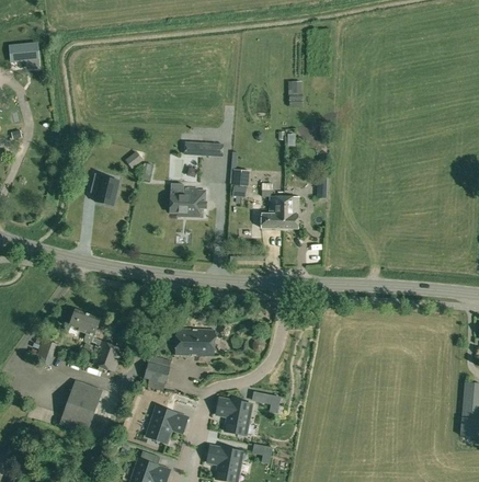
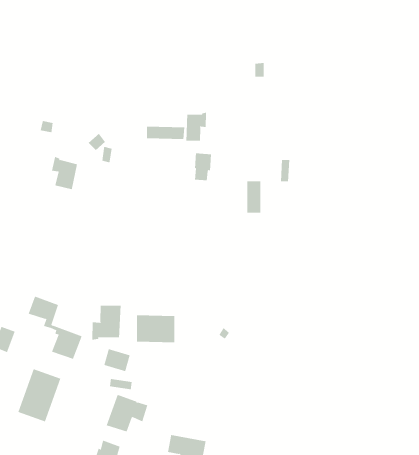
building: none -> [186,112,207,142]
building: [170,187,205,216] -> none
building: [261,196,284,228] -> none
building: none -> [92,305,121,341]
building: [216,398,252,435] -> none

